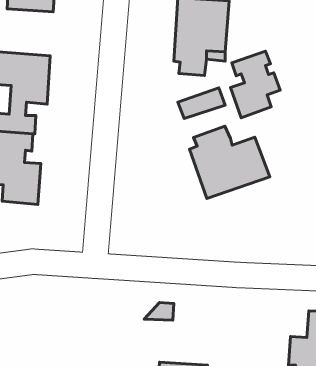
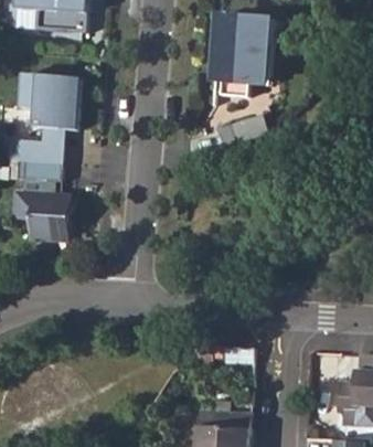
building: [231,51,280,118] -> none
building: [190,126,270,199] -> none

